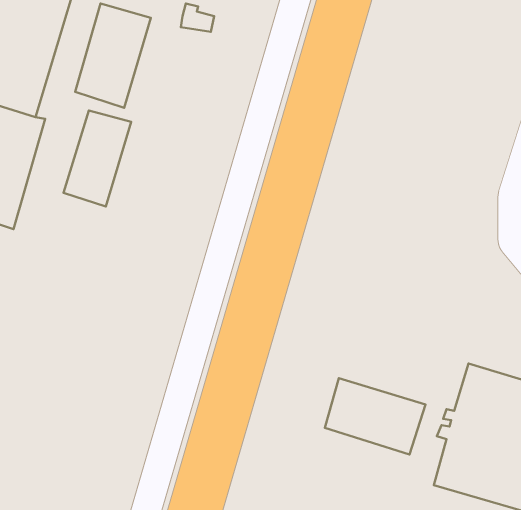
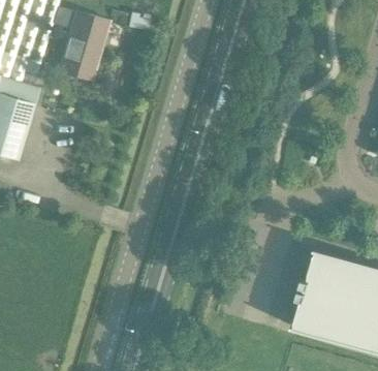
building: [63,110,131,206] -> none
building: [325,378,425,455] -> none

